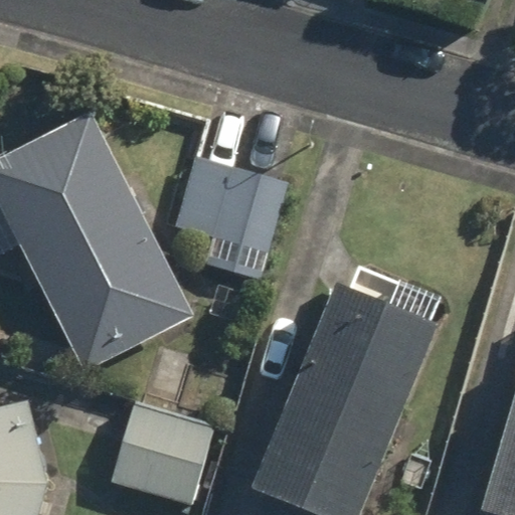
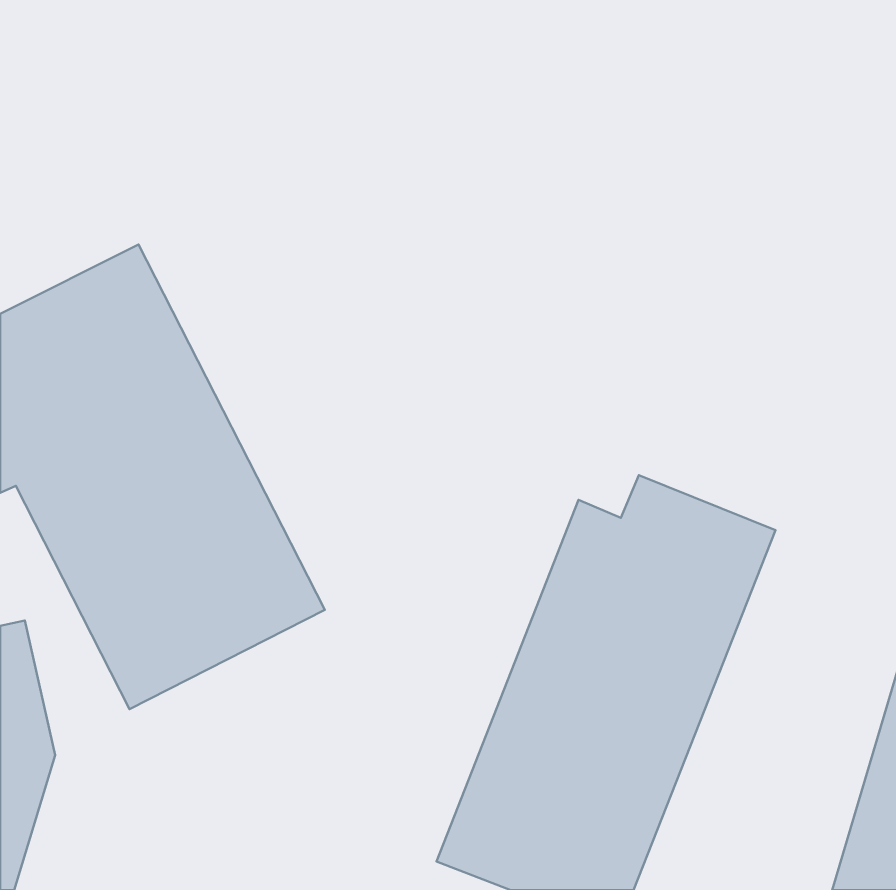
building: [188,160,287,273] -> none
building: [111,391,219,500] -> none

